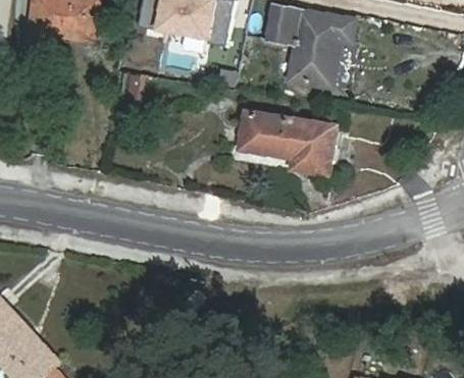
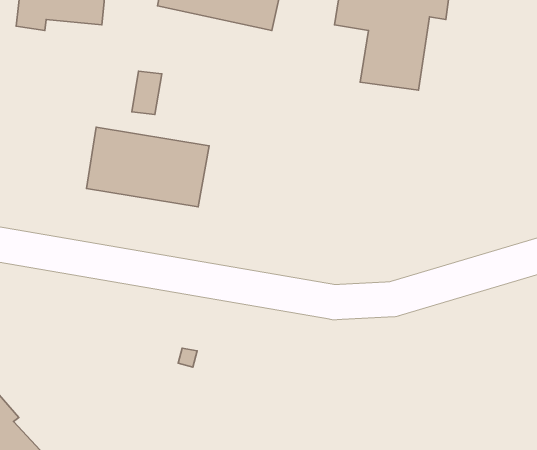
building: [240,111,336,172] -> none
building: none -> [86,127,209,207]

